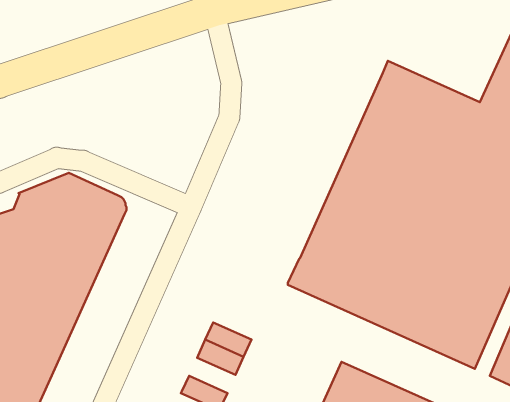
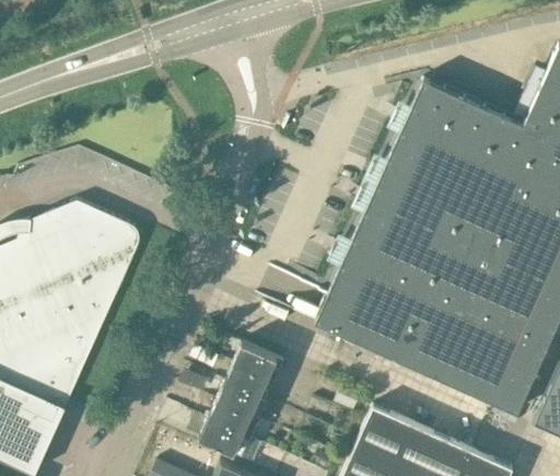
building: none -> [233,345,283,383]
building: none -> [207,403,257,441]

